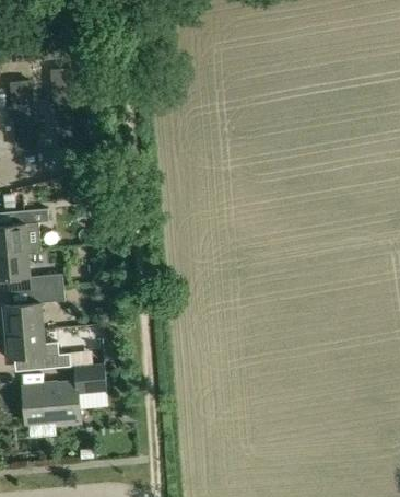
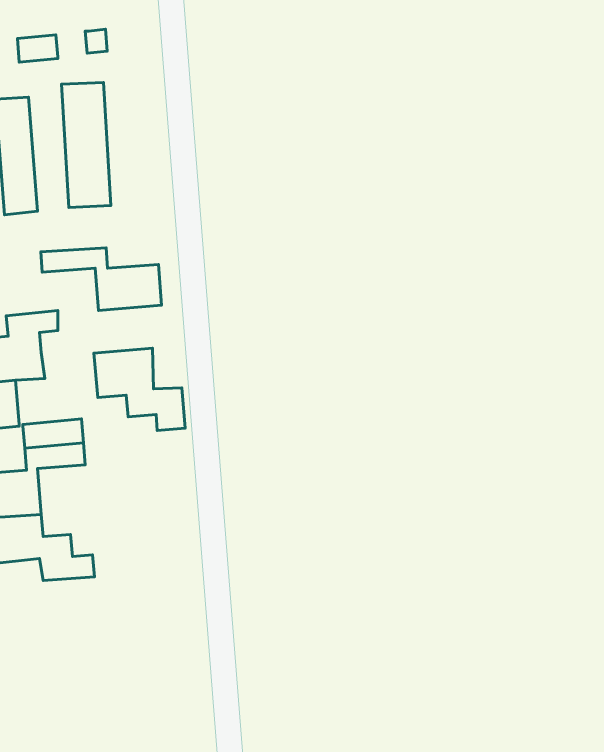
building: none -> [41,248,162,310]
building: none -> [94,348,185,430]
building: [21,366,106,426] -> none

